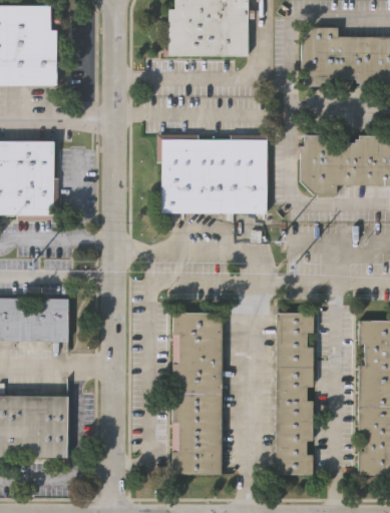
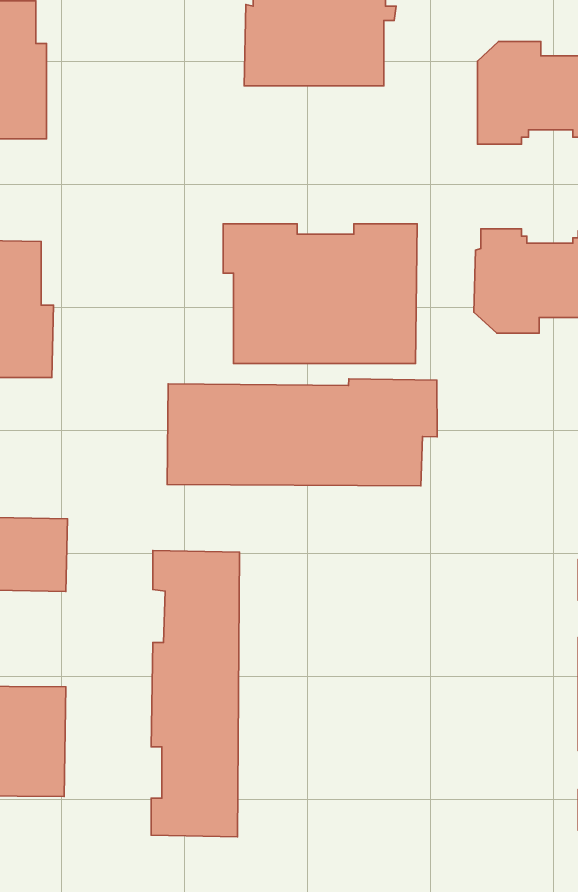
building: none -> [167,379,437,486]
building: [171,311,222,473] -> [151,551,239,837]
building: [275,314,313,476] -> none

